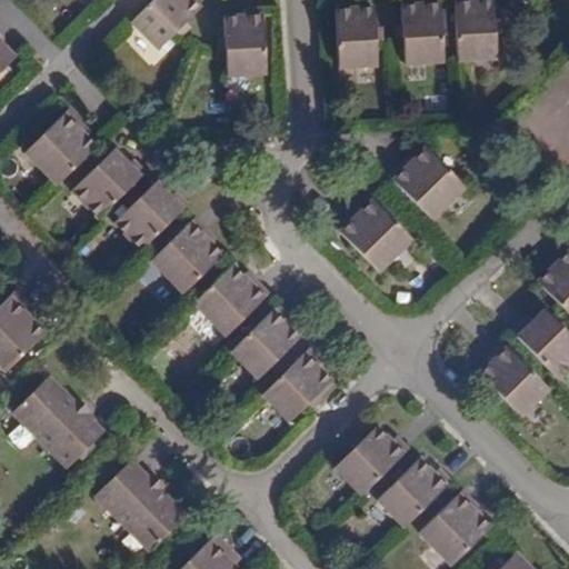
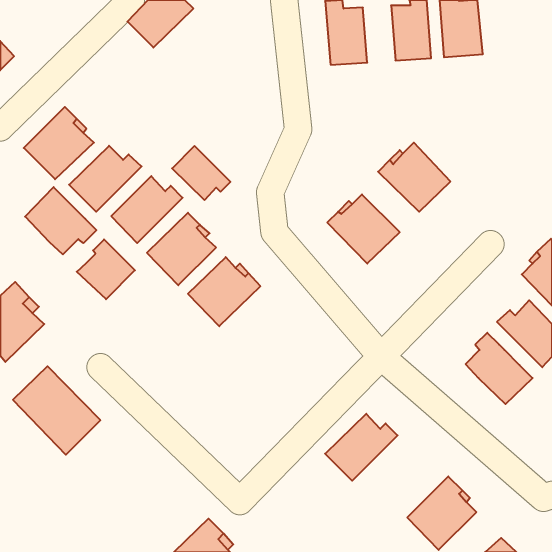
building: [223,8,266,76] -> none
building: none -> [172,146,230,200]
building: none -> [25,187,96,254]
building: none -> [77,239,135,299]
building: [231,305,300,378] -> none
building: [262,347,331,421] -> none
building: [378,458,452,527] -> none
building: [96,460,187,551] -> none

